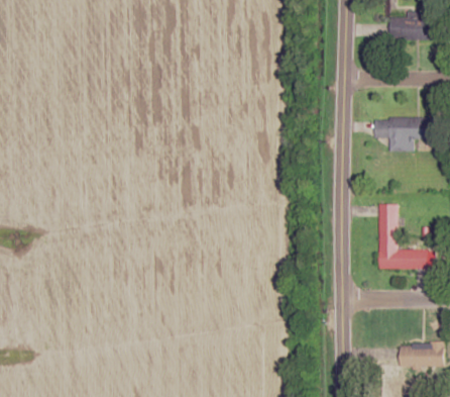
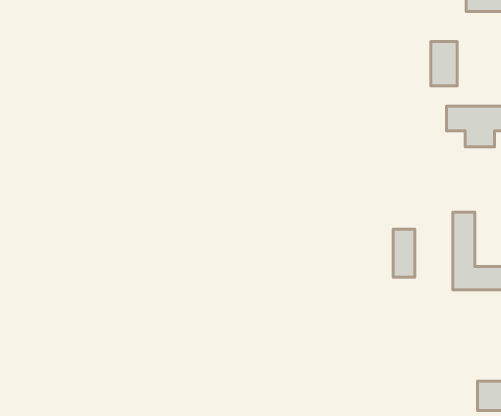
building: none -> [431,41,457,86]
building: none -> [393,229,415,277]

